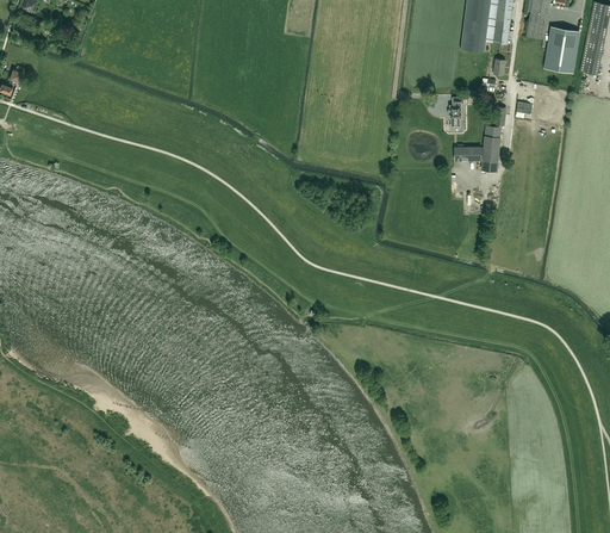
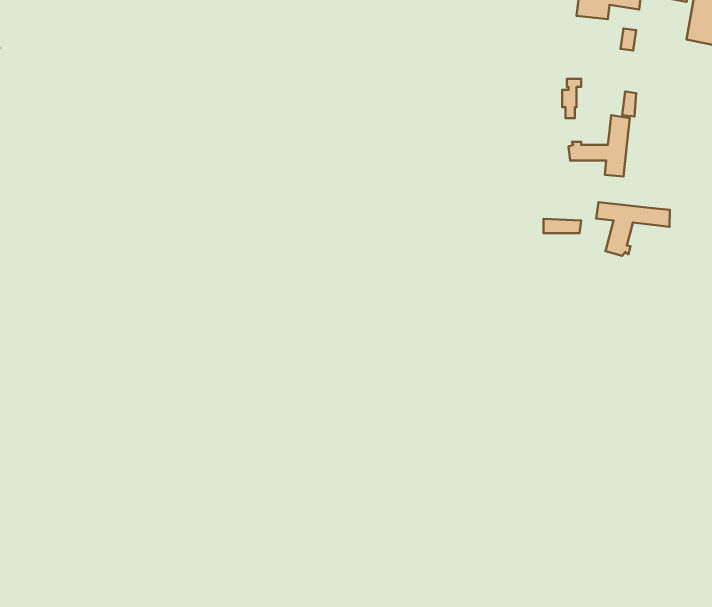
building: none -> [596,202,670,256]

